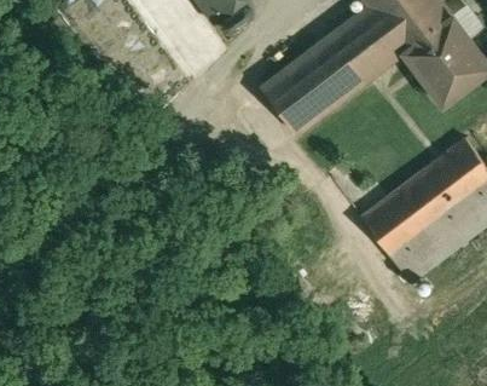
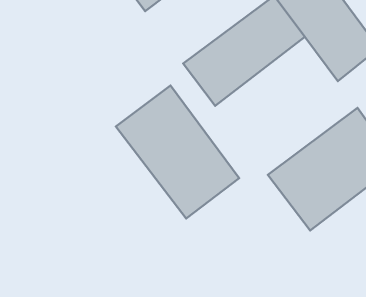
building: none -> [116,85,239,218]

